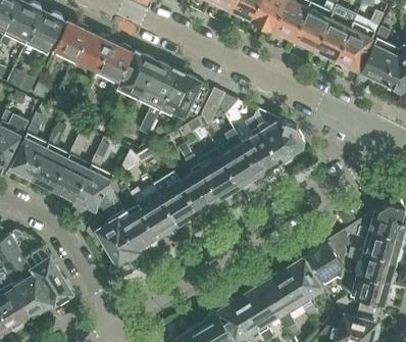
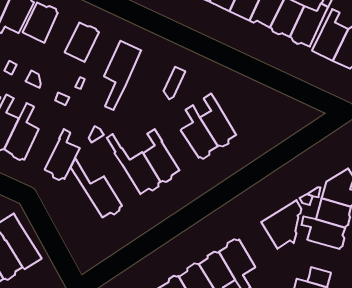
building: [75,32,112,74] -> none
building: [116,51,156,99] -> none
building: [161,71,209,117] -> none
building: [258,119,304,161] -> none
building: [54,136,92,198] -> none
building: [200,143,240,199] -> none
building: [130,188,177,237] -> none
building: [97,196,140,265] -> none
building: [283,259,322,314] -> none
building: [352,274,390,305] -> none

